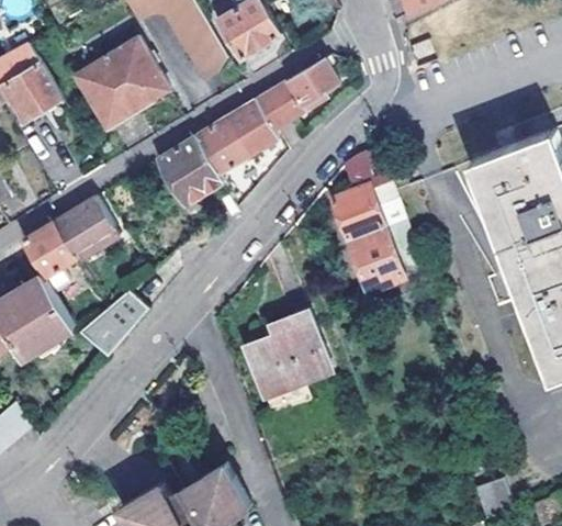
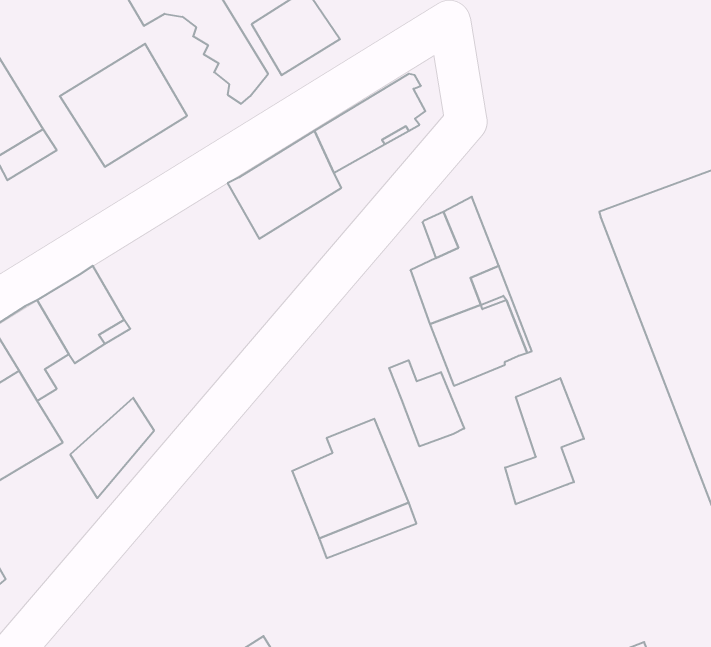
building: [159,135,226,204] -> none
building: none -> [389,360,464,446]
building: none -> [505,378,584,504]

